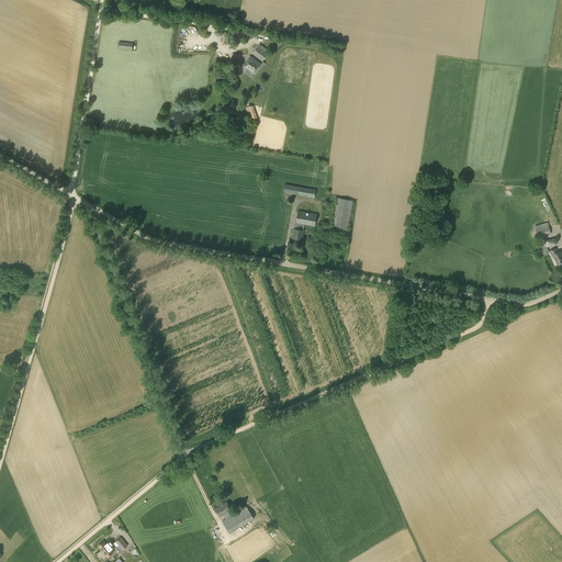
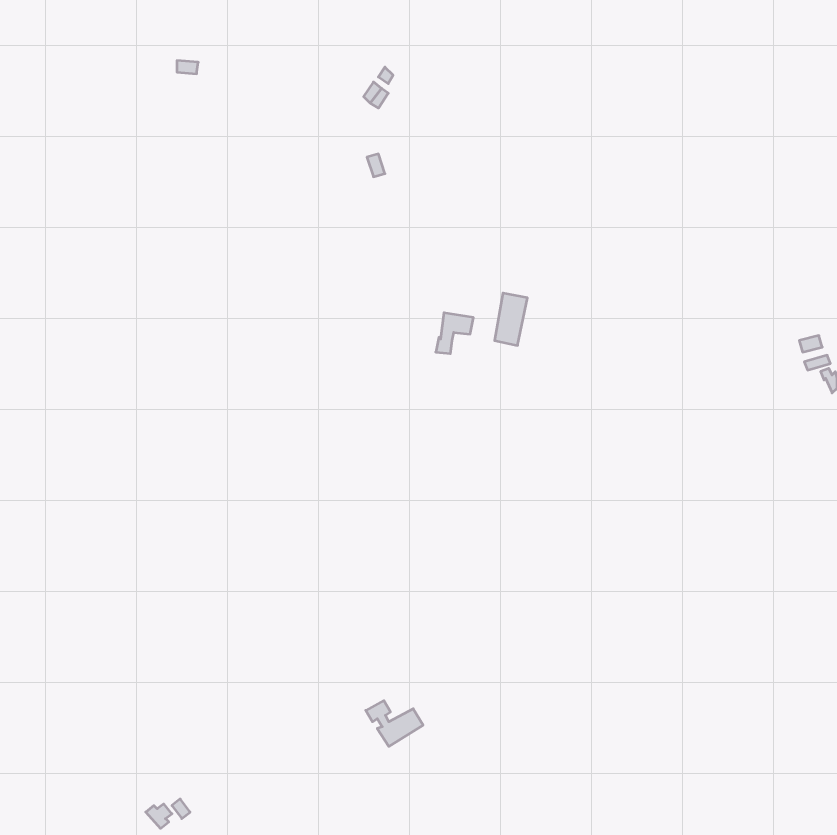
building: [215,501,254,531] -> [366,701,423,746]

